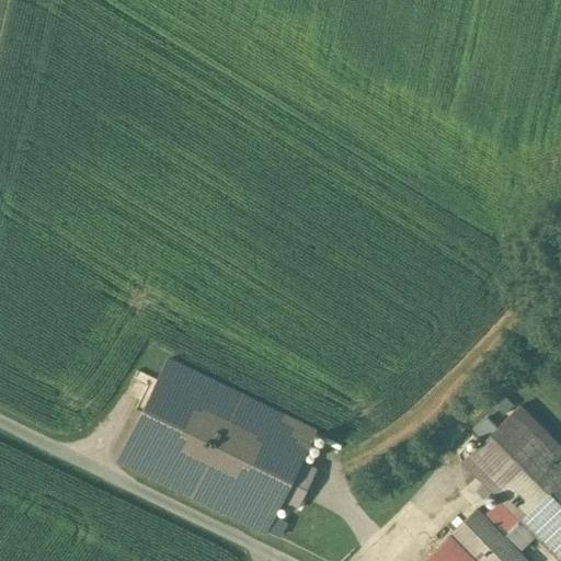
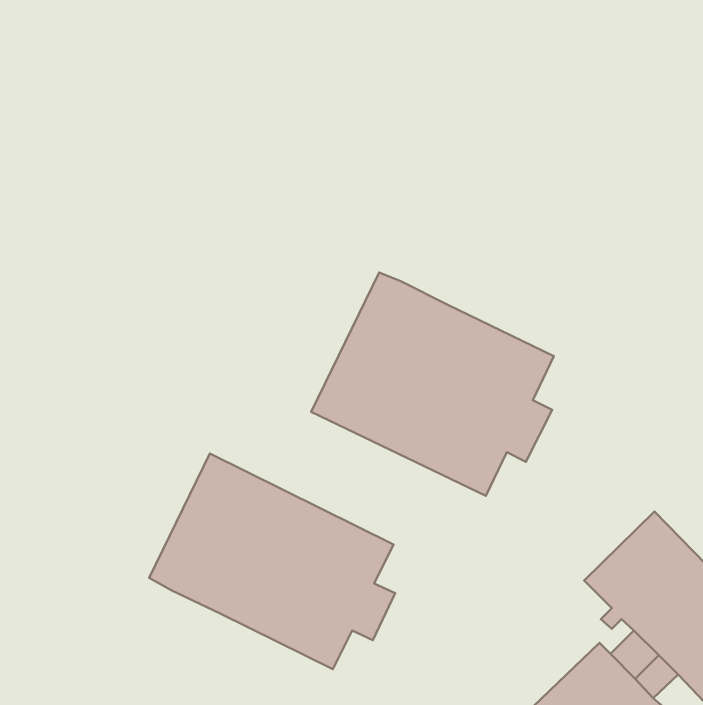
building: none -> [311,272,554,496]

